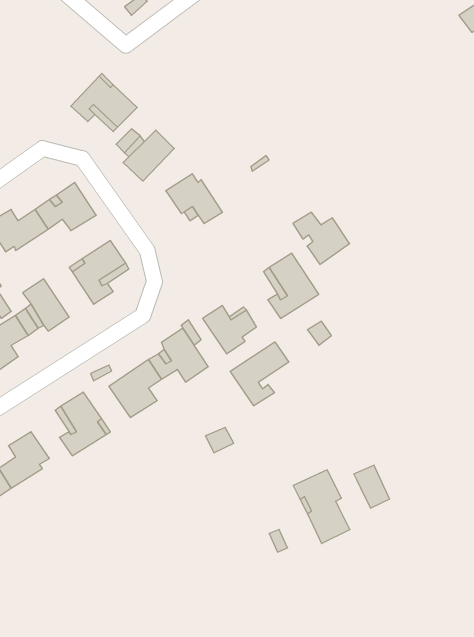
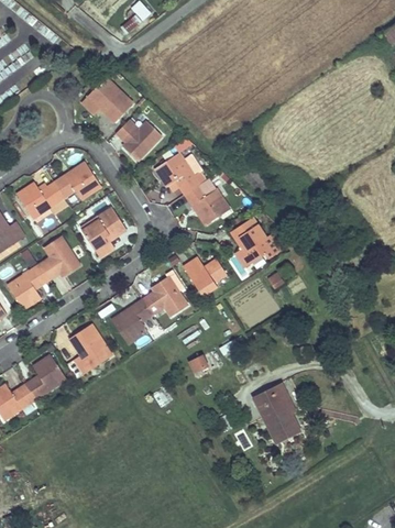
building: [293,212,350,265] -> [185,185,229,226]
building: [230,342,289,406] -> none
building: [354,465,390,508] -> none

